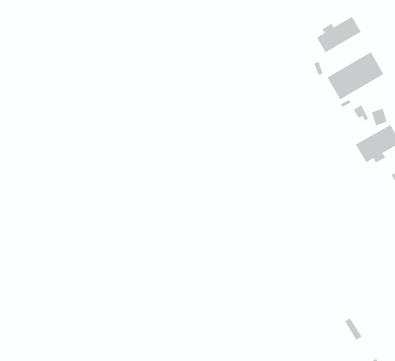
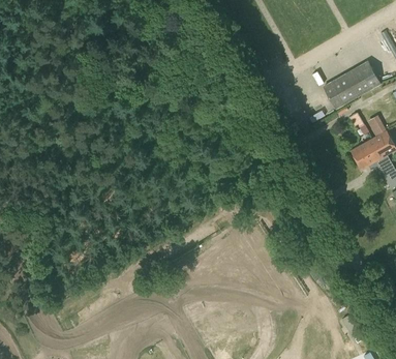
building: [316,16,361,53] -> none

